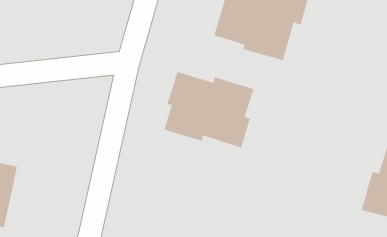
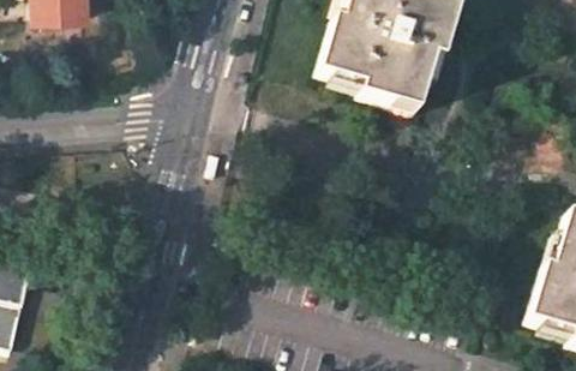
building: [164,71,254,148] -> none

